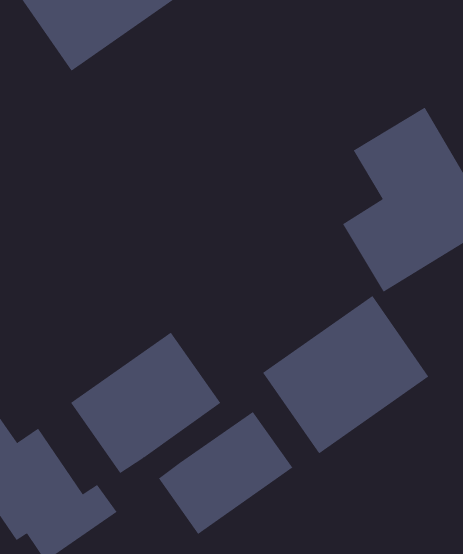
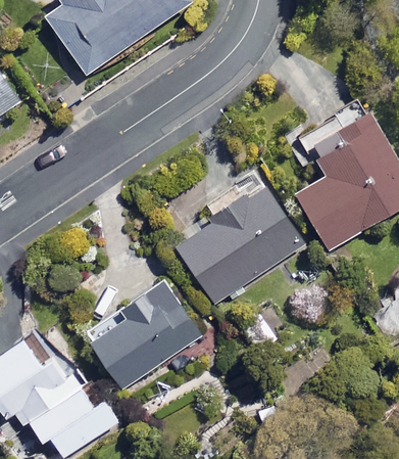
building: [262,295,429,454] -> [173,181,303,305]
building: [158,411,293,535] -> none

